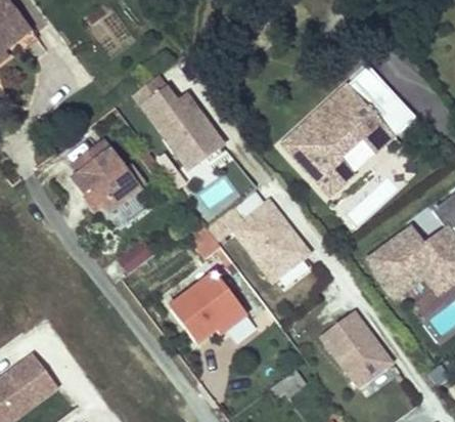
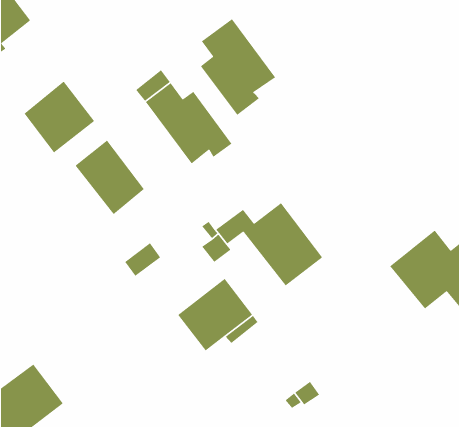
building: none -> [200,18,276,116]
building: [284,69,416,196] -> none
building: none -> [24,81,95,154]
building: [319,309,391,385] -> none

